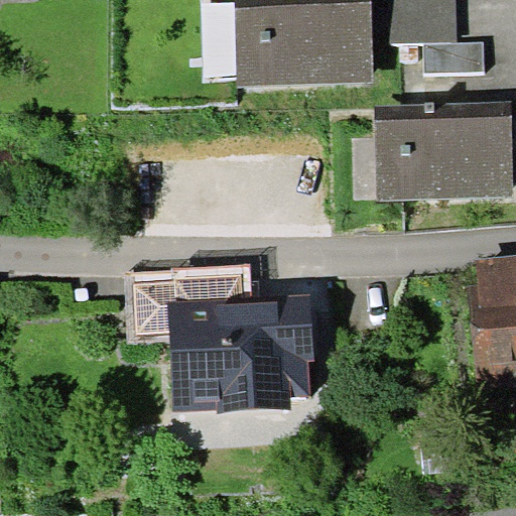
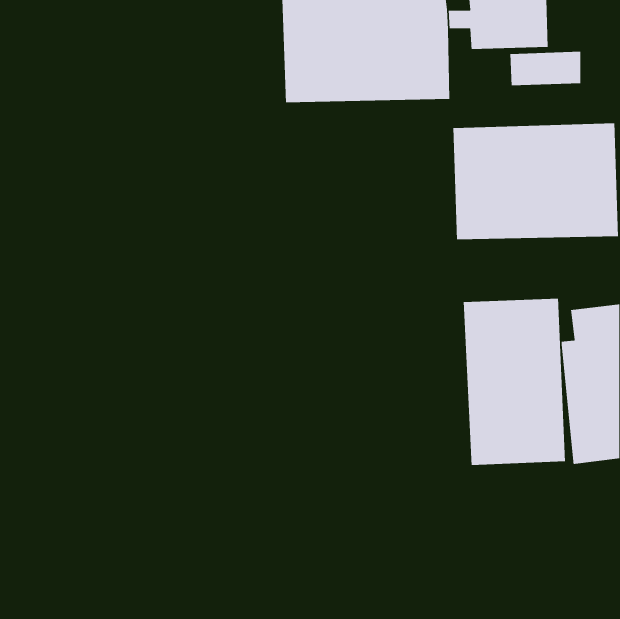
building: none -> [463,298,566,466]
building: [133,273,314,410] -> none

